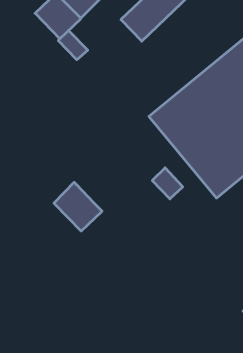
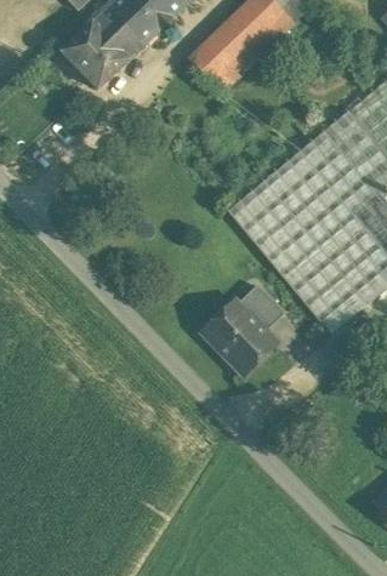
building: [58,31,88,60] -> none
building: [54,182,102,231] -> [203,300,275,373]

